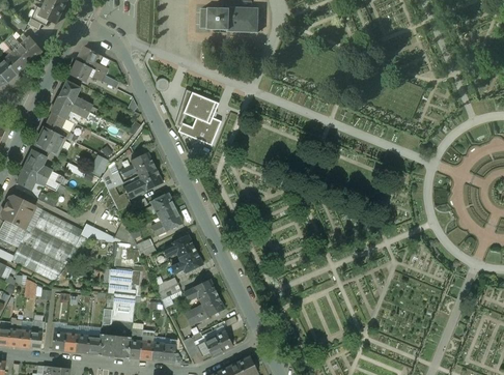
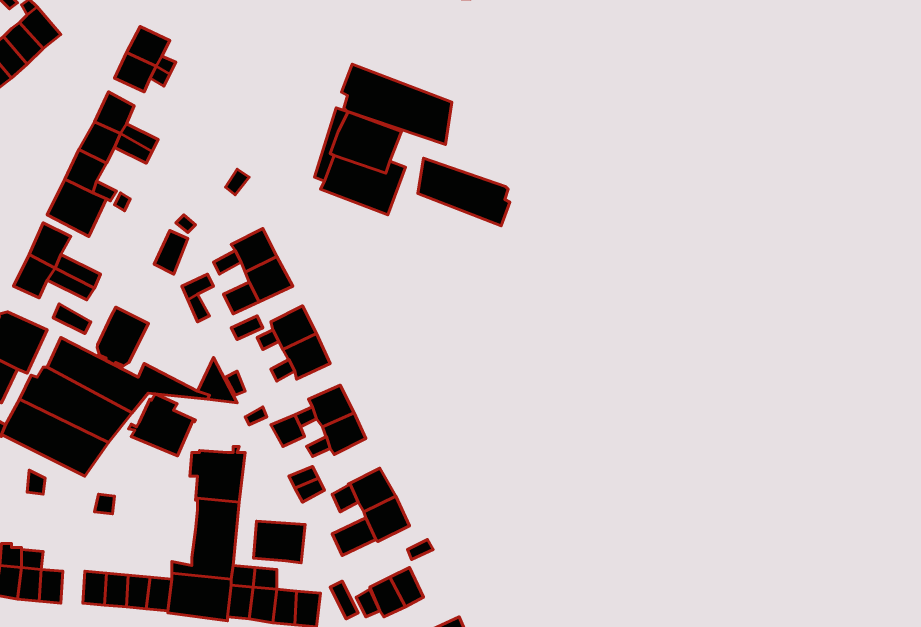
building: none -> [342,64,452,145]
building: none -> [418,158,510,226]
building: none -> [97,307,149,368]
building: none -> [129,394,195,456]
building: none -> [253,521,305,563]

